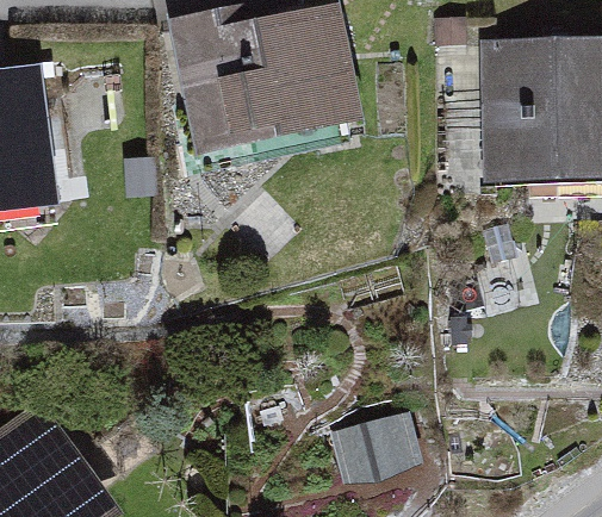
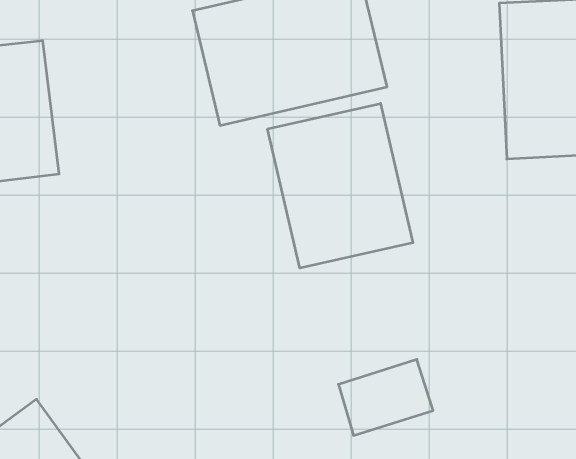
building: none -> [268,103,413,268]

